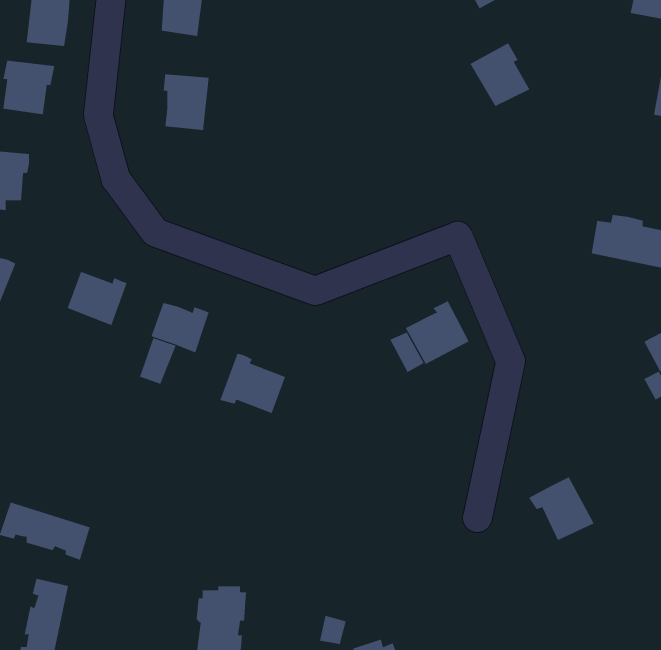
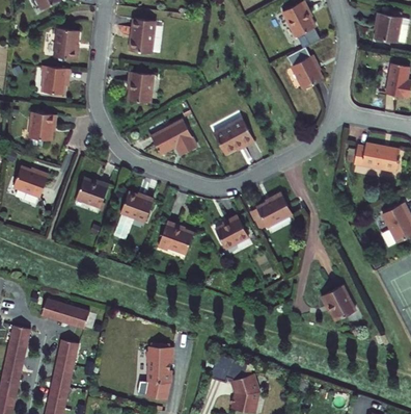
building: none -> [214,118,255,154]
building: none -> [150,119,196,154]
building: none -> [215,215,248,249]

